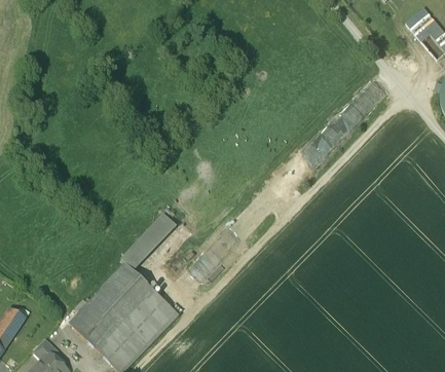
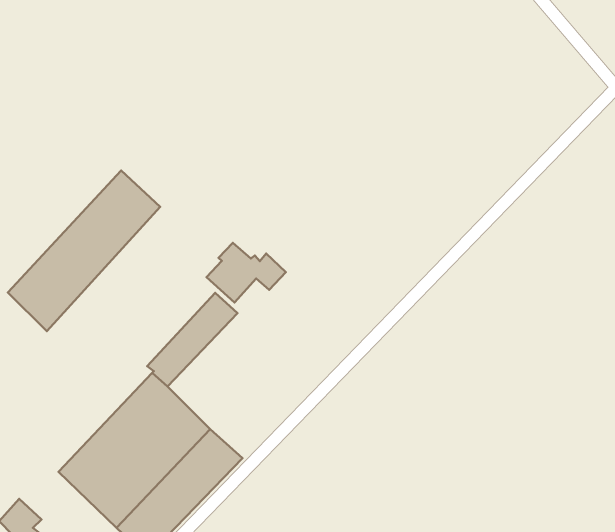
building: none -> [8,171,160,331]
building: none -> [206,243,286,303]

